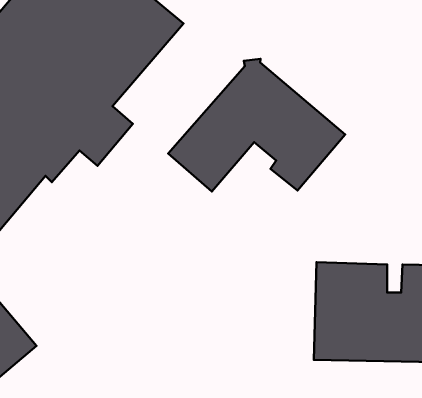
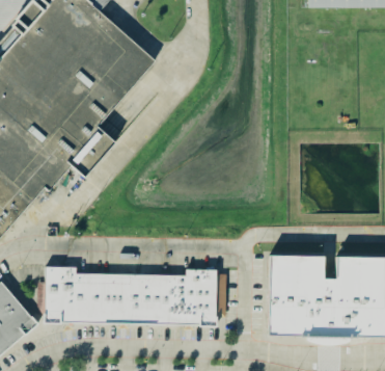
building: [168,59,345,192] -> none
building: none -> [45,265,217,324]

